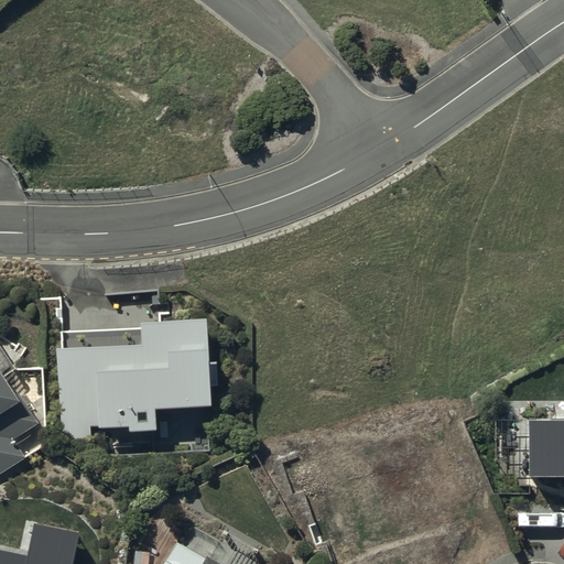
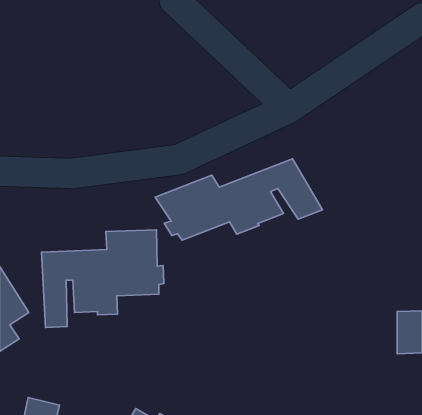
building: none -> [155,159,322,240]

